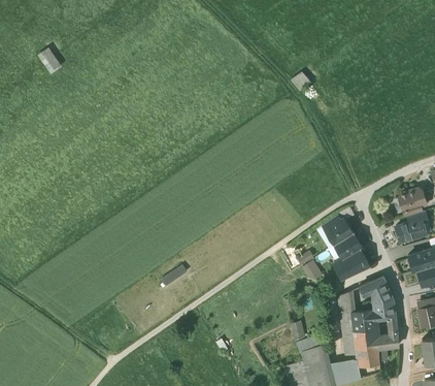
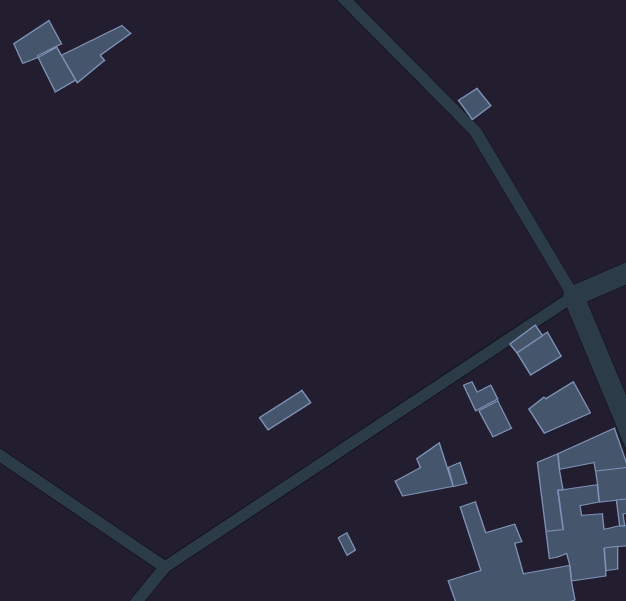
building: none -> [14,20,62,63]
building: none -> [62,25,131,83]
building: [334,233,362,259] -> none
building: none -> [395,443,453,496]

